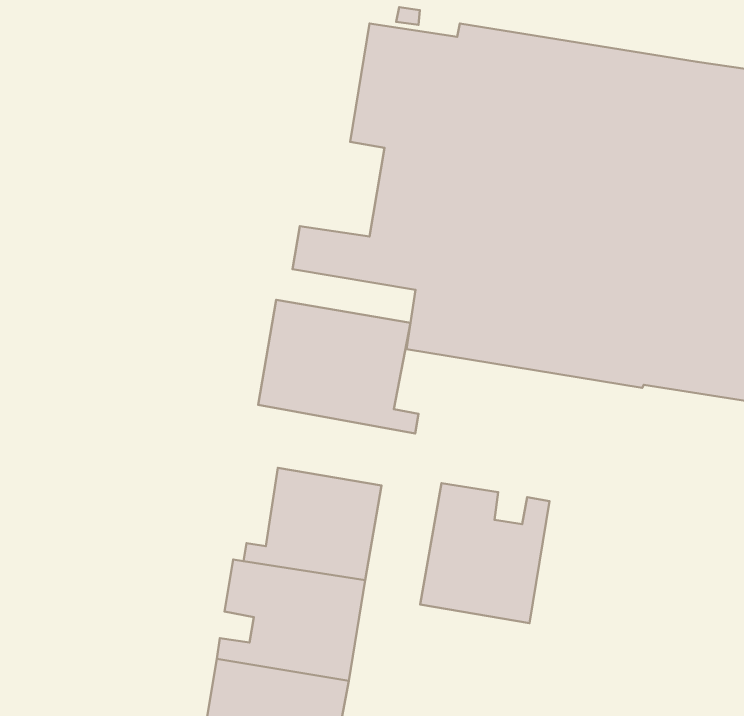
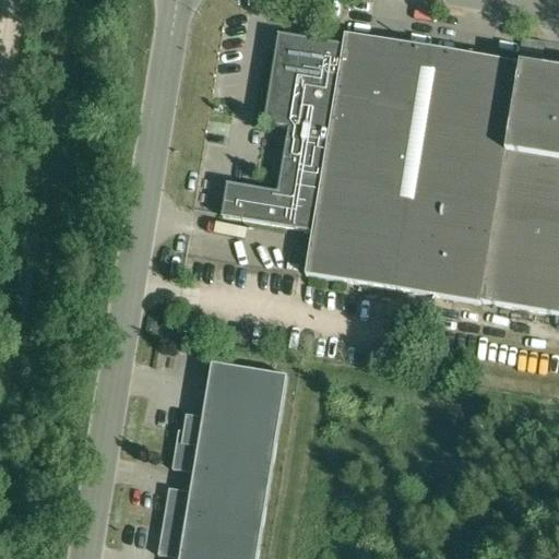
building: [258,300,419,434] -> none
building: [420,483,550,623] -> none

